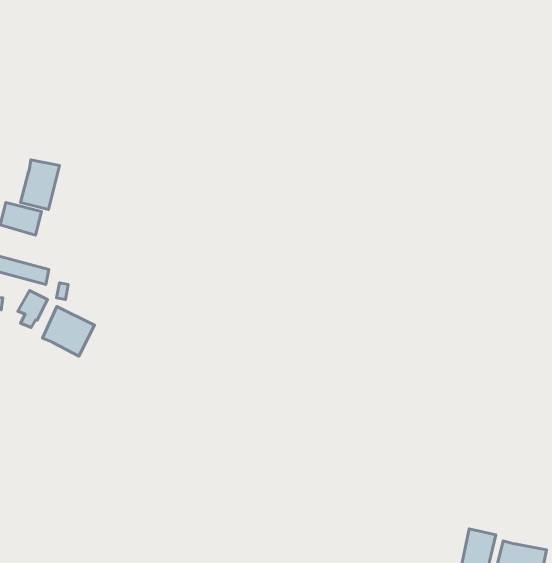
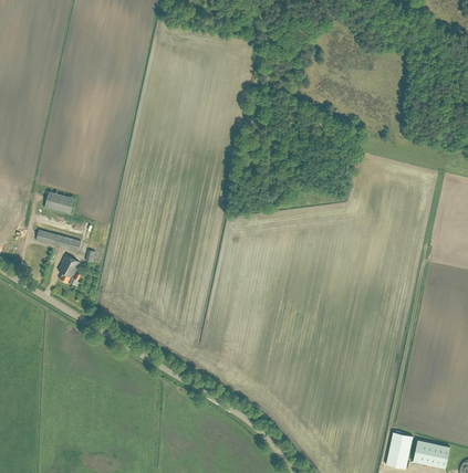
building: [21,160,59,209] -> none
building: [42,306,94,356] -> none

